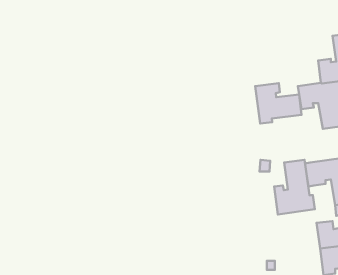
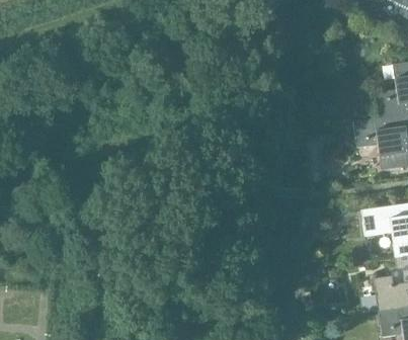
building: [255,83,302,124] -> none
building: [274,160,315,214] -> none

